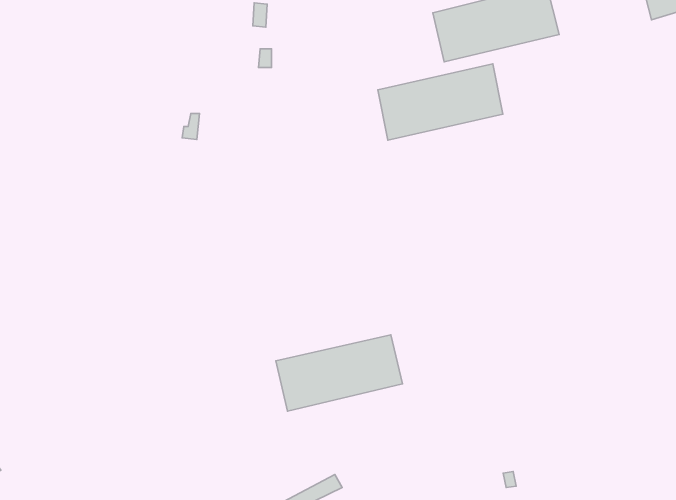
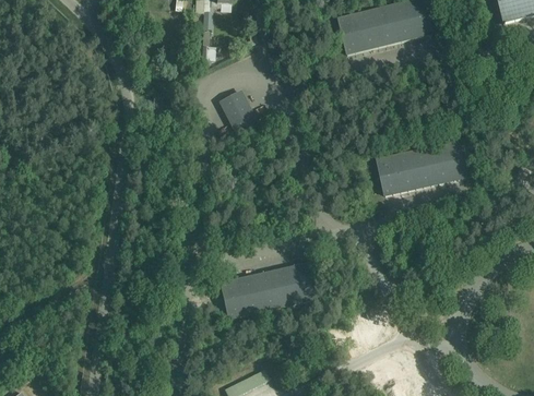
building: [378,64,503,140] -> [377,139,472,196]
building: none -> [218,88,259,135]

